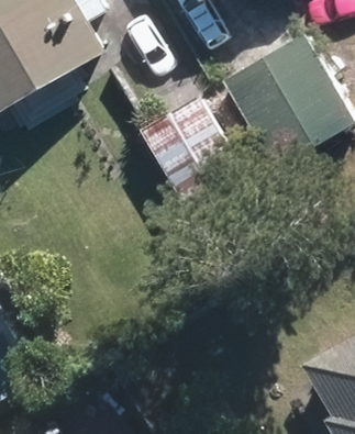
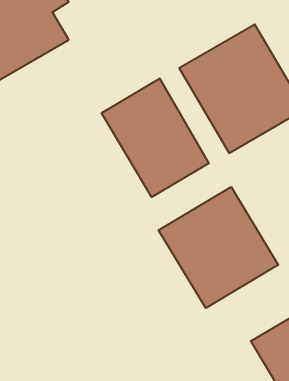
building: none -> [159,187,278,308]

